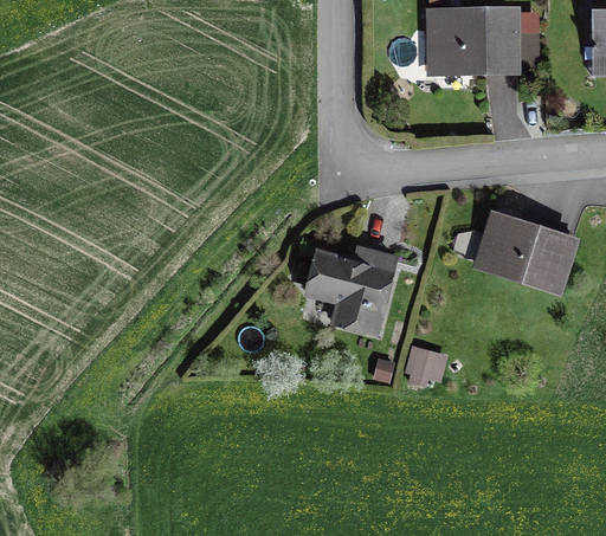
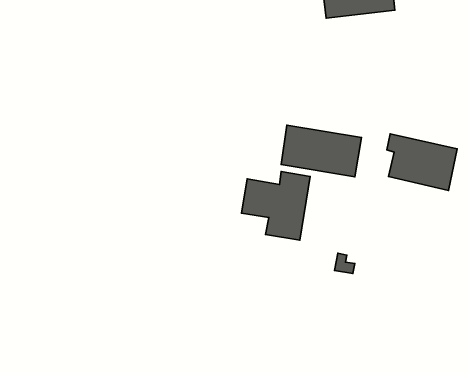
building: none -> [281,125,361,177]

